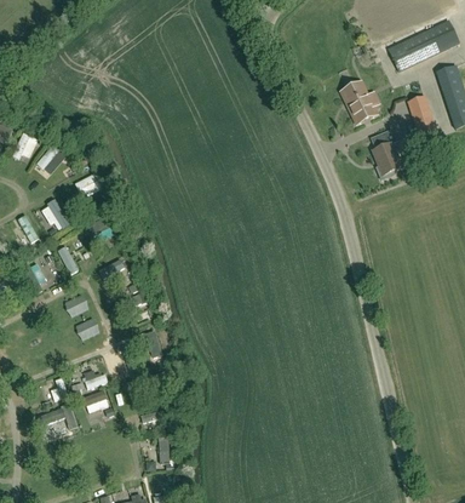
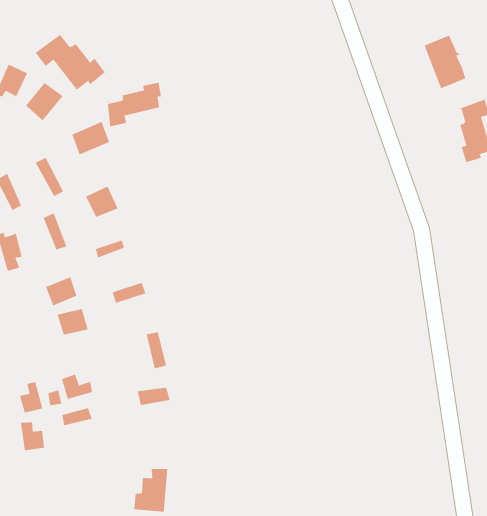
building: none -> [35,32,106,91]
building: none -> [107,82,161,127]

